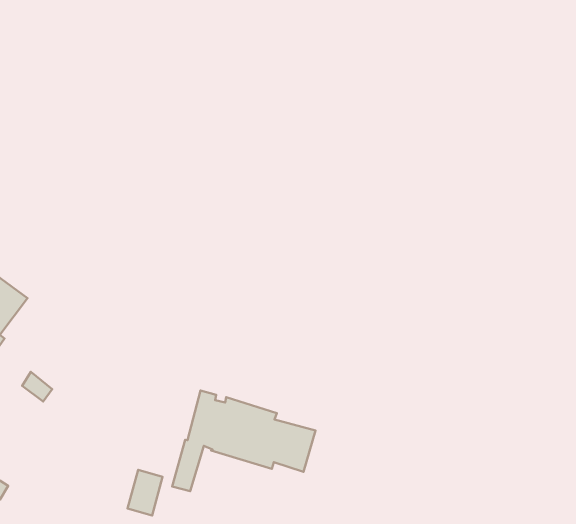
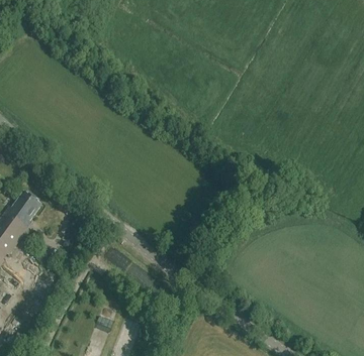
building: [172,391,316,491] -> none

